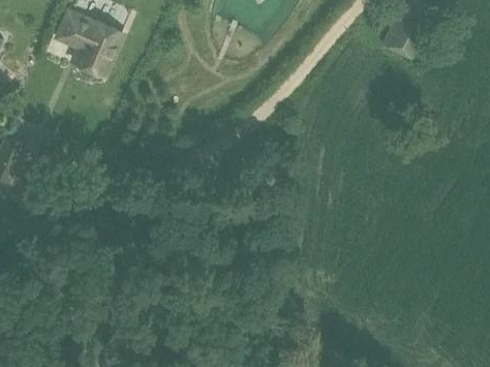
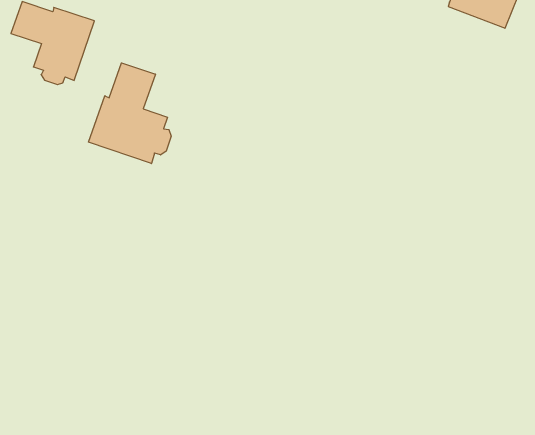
building: none -> [89,63,171,164]

